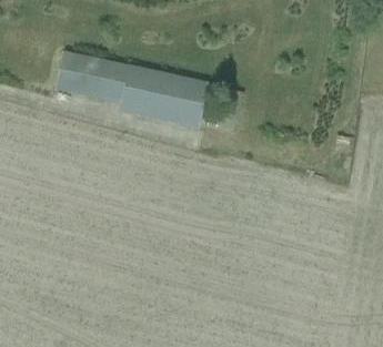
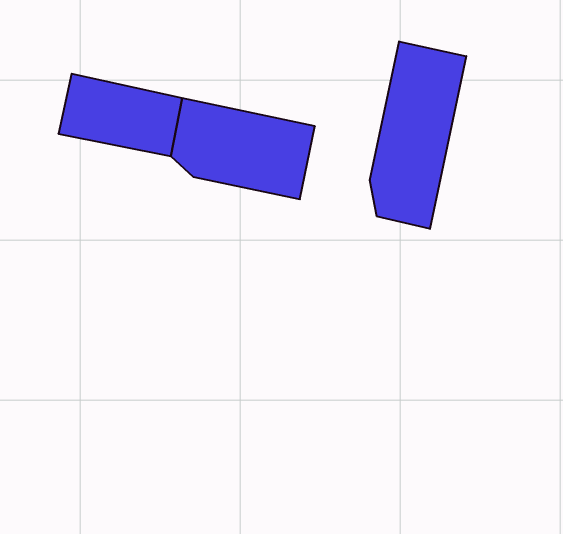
building: none -> [370,41,466,229]

